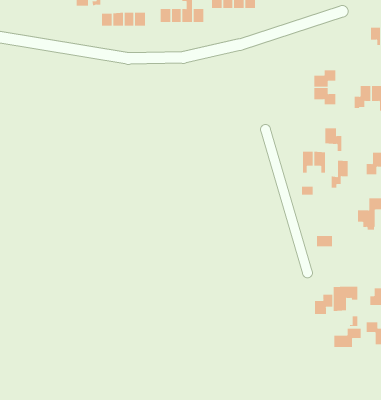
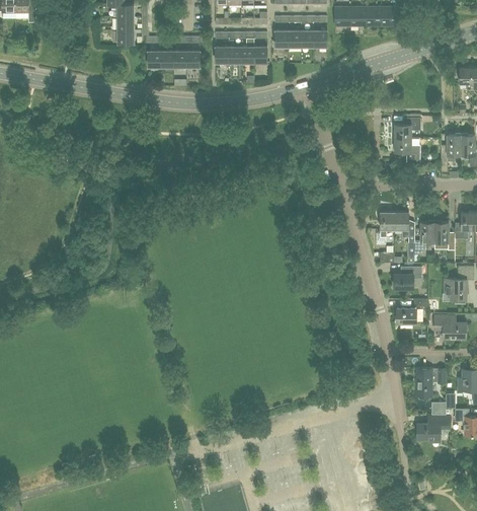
building: [325,128,342,151] -> [433,222,454,249]
building: none -> [393,266,420,288]
building: none -> [433,314,464,337]
building: [314,294,333,315] -> none

